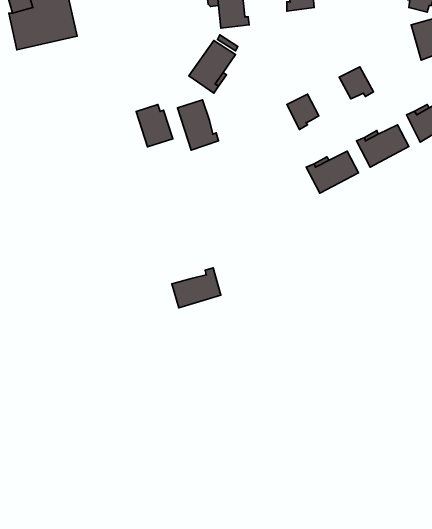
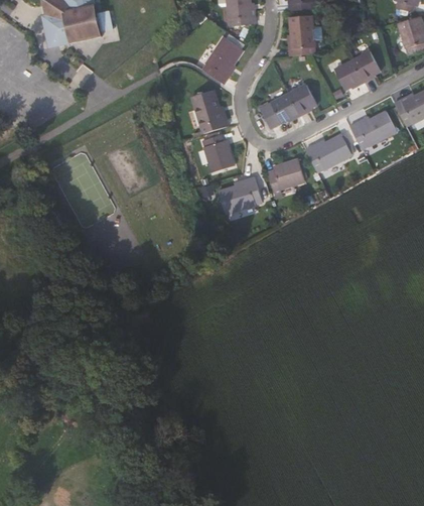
building: none -> [288,15,314,55]
building: none -> [352,51,380,83]
building: none -> [259,94,299,129]
building: [136,105,173,147] -> [201,136,234,173]
building: none -> [267,160,304,192]
building: [172,268,221,308] -> [218,177,261,213]

